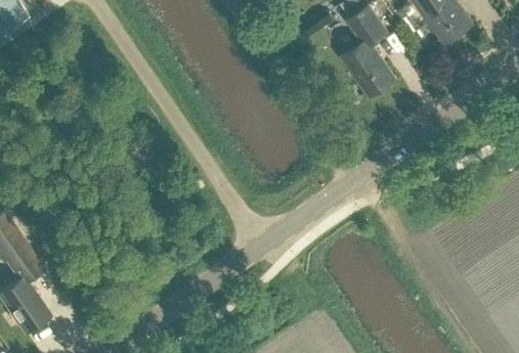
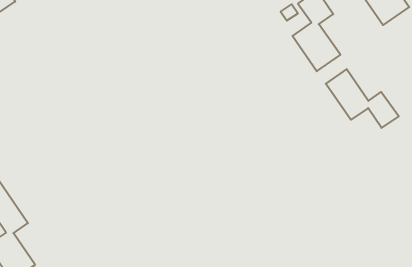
building: none -> [326,69,399,128]

